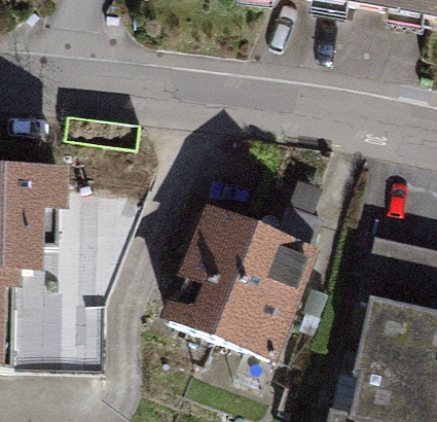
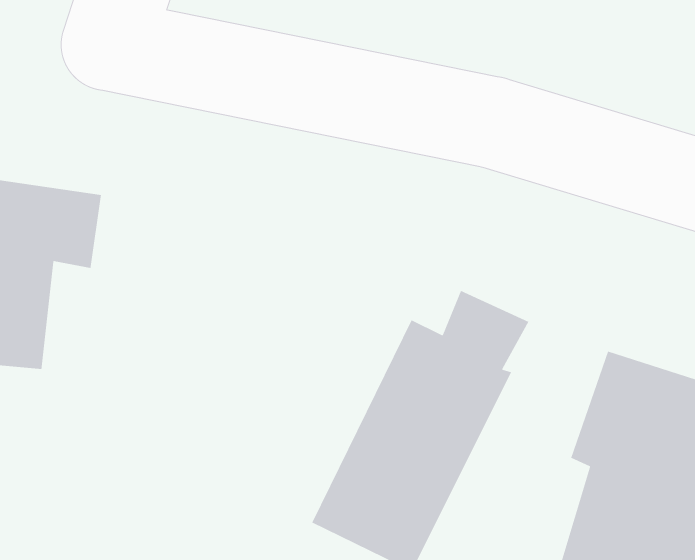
building: [157,199,258,345] -> none

